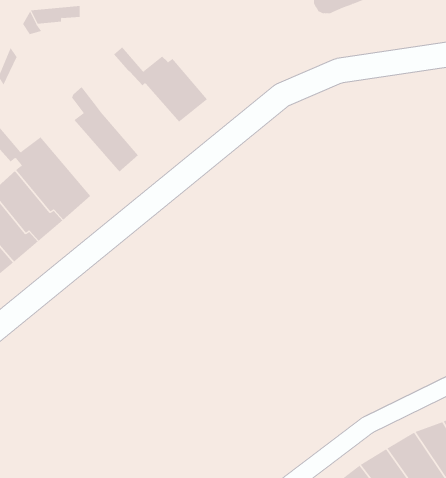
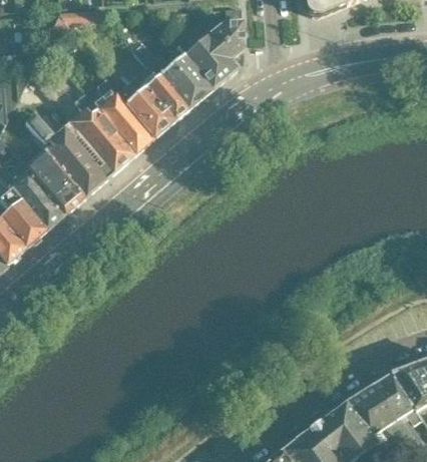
building: none -> [183,22,244,89]
building: none -> [116,66,188,137]
building: none -> [70,93,137,172]

